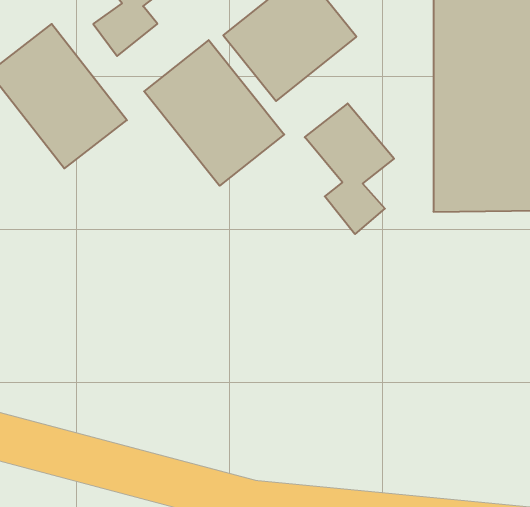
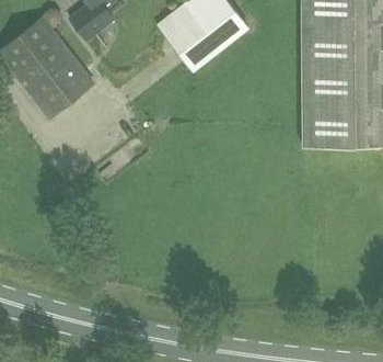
building: [144,40,284,186] -> none
building: [305,103,394,234] -> none

